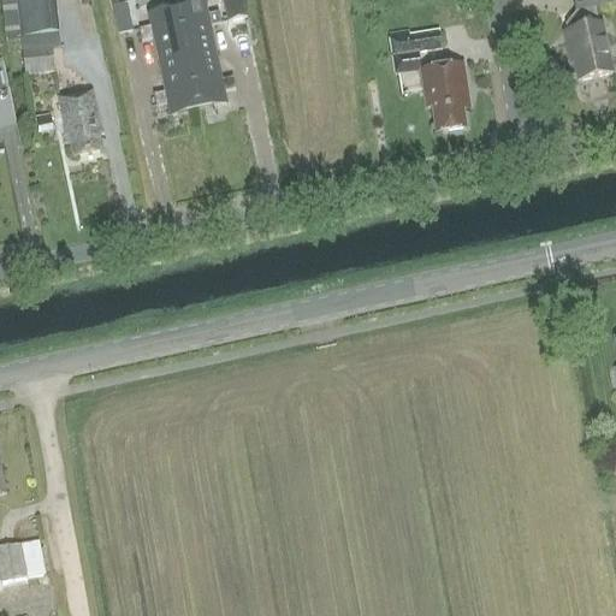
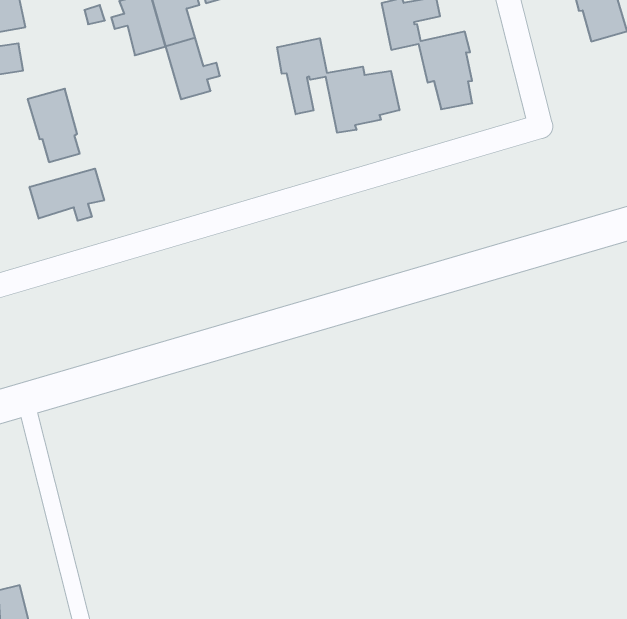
building: [154,53,199,108] -> none
building: none -> [277,38,399,133]
building: none -> [30,169,104,221]

